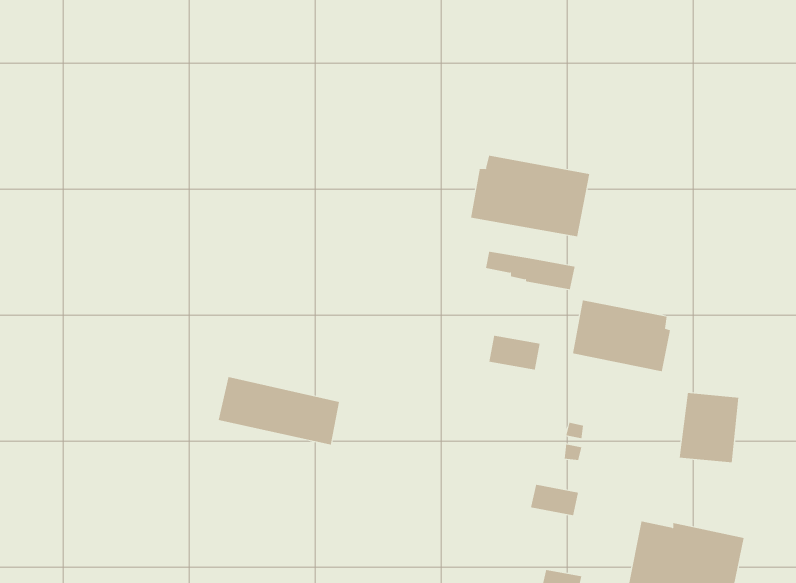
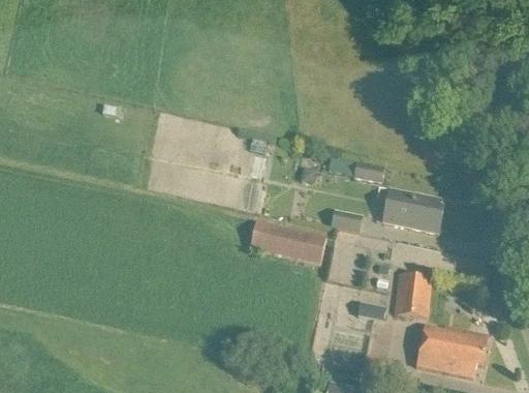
building: [470,155,590,237] -> none
building: [218,377,340,445] -> [250,221,325,264]
building: [679,393,739,463] -> [394,273,431,316]

